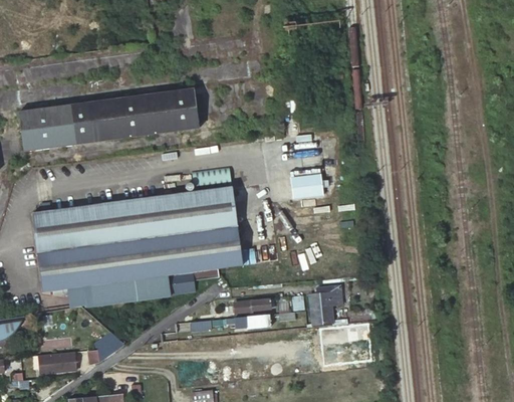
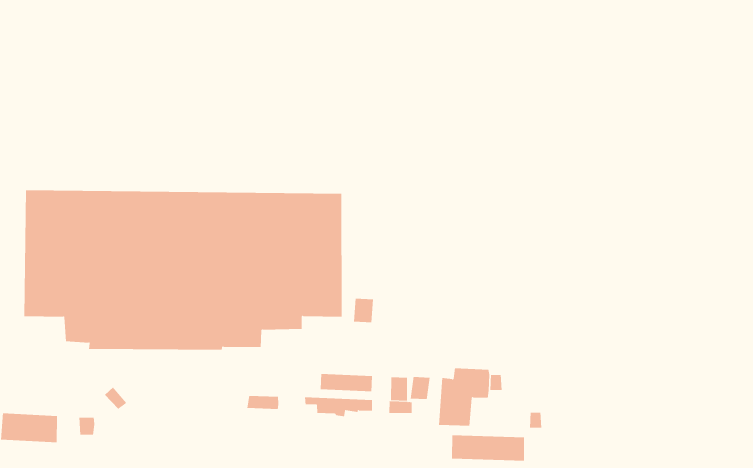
building: [19,88,198,152] -> none
building: [288,171,323,202] -> none

